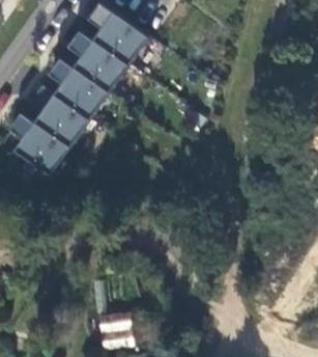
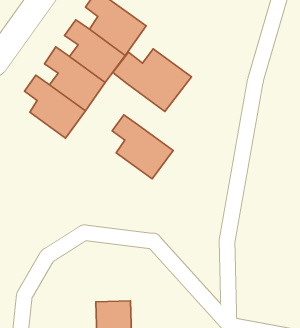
building: none -> [113,49,191,112]
building: [8,112,68,175] -> [112,115,173,179]

